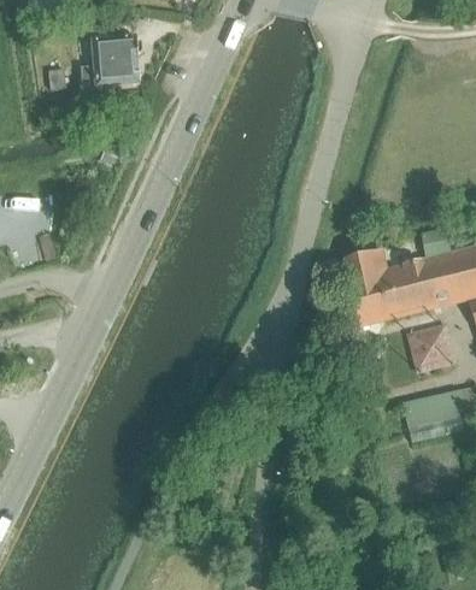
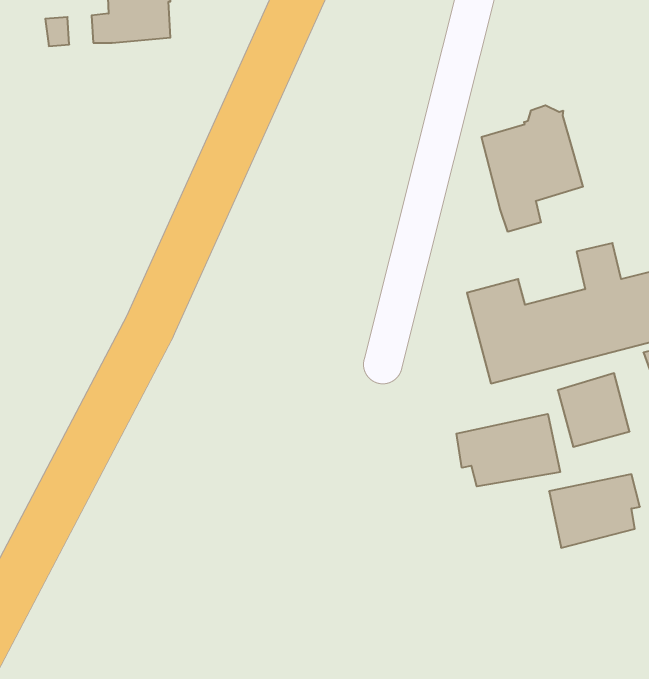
building: none -> [482,105,583,232]
building: none -> [456,414,560,486]

